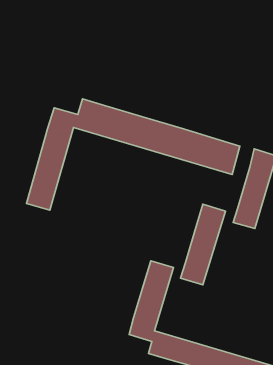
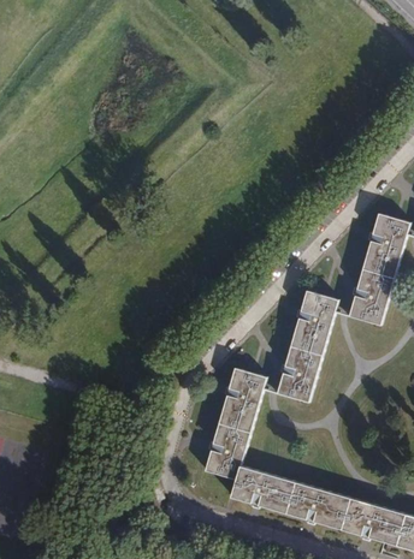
building: [26,99,240,210] -> none

